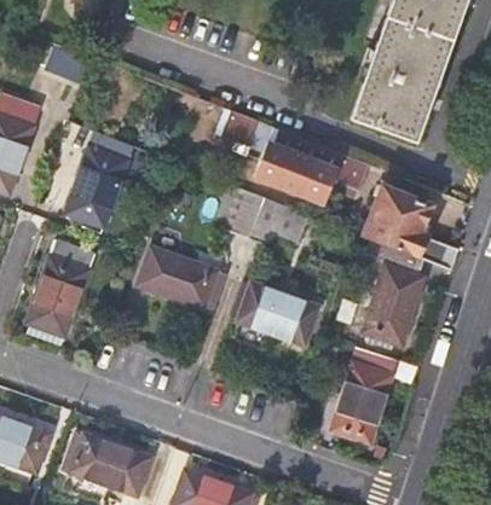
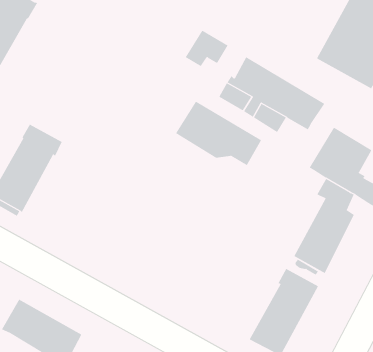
building: [67,132,145,227] -> none
building: [137,249,226,309] -> none
building: [232,281,319,346] -> none

